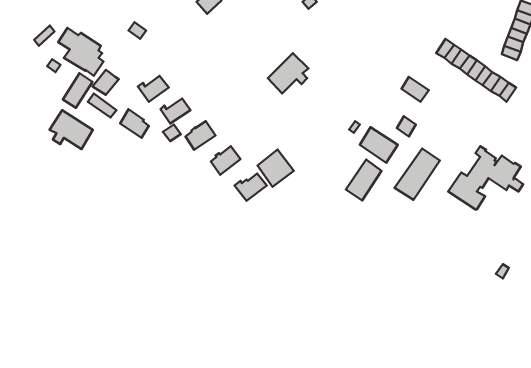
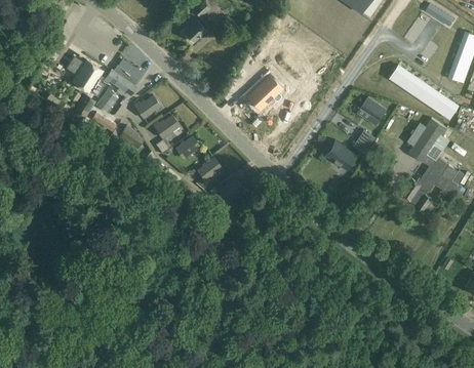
building: none -> [106,66,139,96]
building: [50,110,93,149] -> none
building: [395,149,440,200] -> [408,119,447,163]
building: [257,150,294,187] -> none
building: [346,159,382,201] -> none

